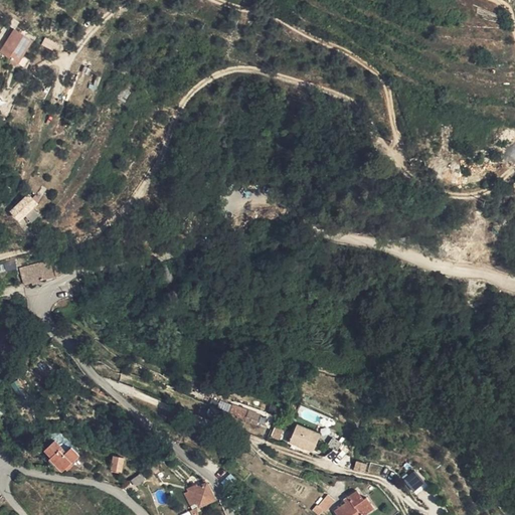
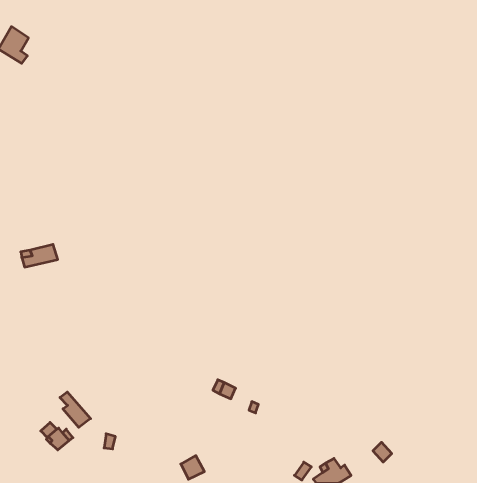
building: [10,192,39,221] -> none
building: none -> [60,392,91,427]
building: [287,424,317,452] -> none

